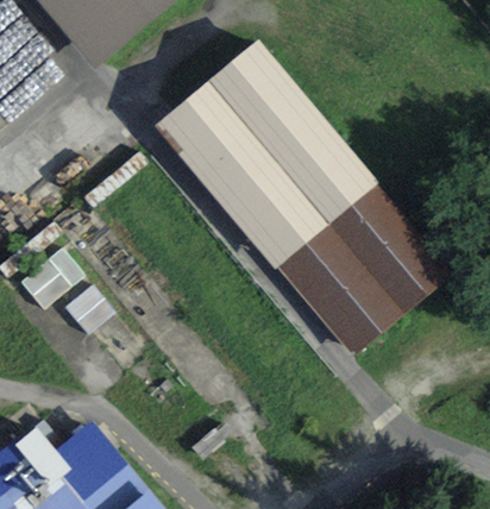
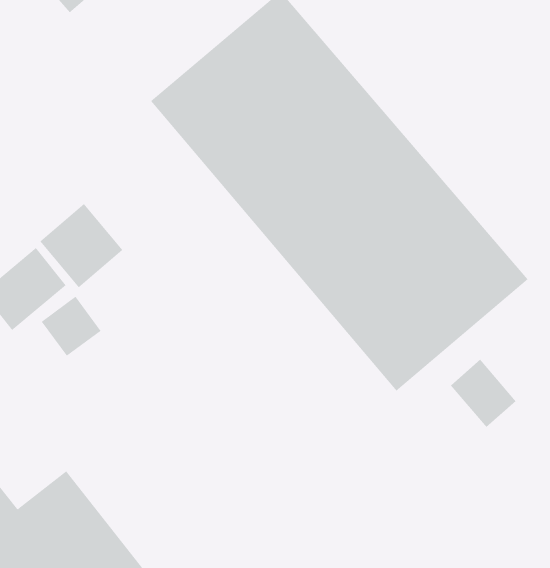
building: none -> [40,203,123,288]
building: none -> [450,359,516,428]

